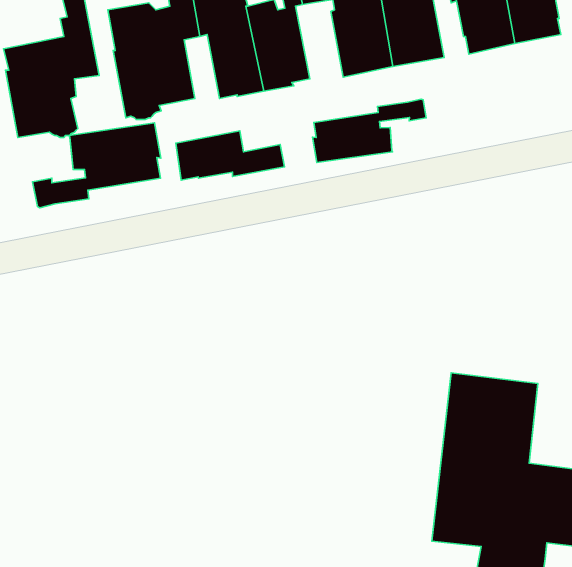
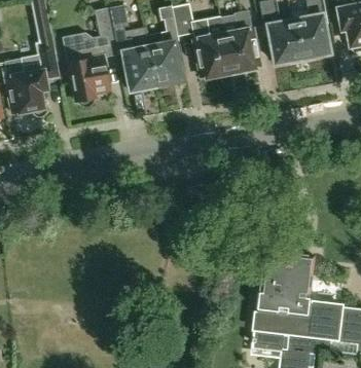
building: [313,99,426,163] -> none
building: [33,123,161,208] -> none
building: [176,131,285,180] -> none

